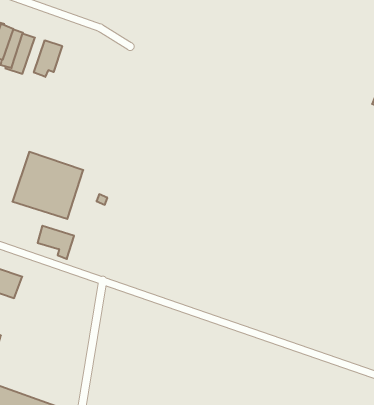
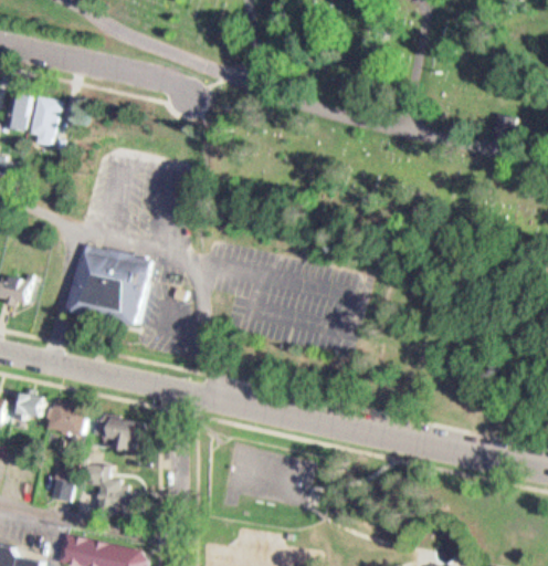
building: [34,40,62,77] -> none
building: [38,226,74,259] -> [93,411,137,449]
building: none -> [86,461,125,510]

